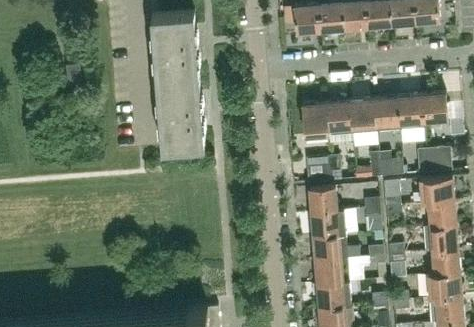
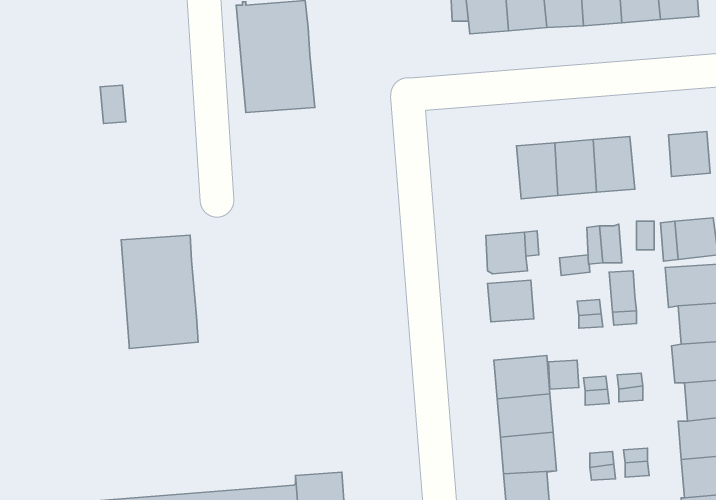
building: [156,80,204,151] -> [121,235,198,349]
building: [396,97,423,131] -> none
building: [301,104,328,139] -> none
building: [309,211,344,238] -> none

